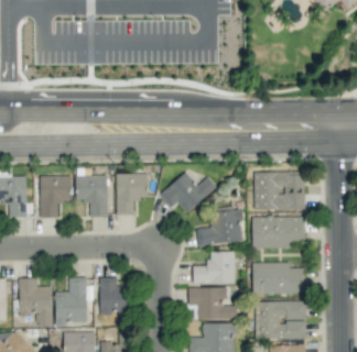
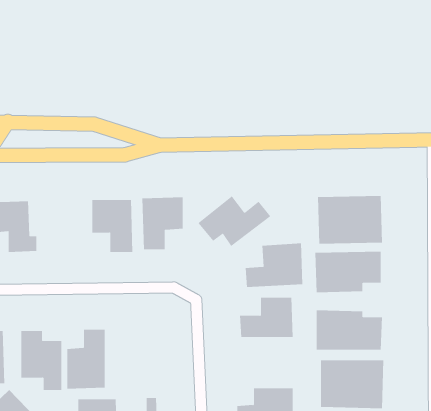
building: [39,175,72,218] -> none
building: [99,277,129,314] -> none
building: [187,287,236,319] -> none

